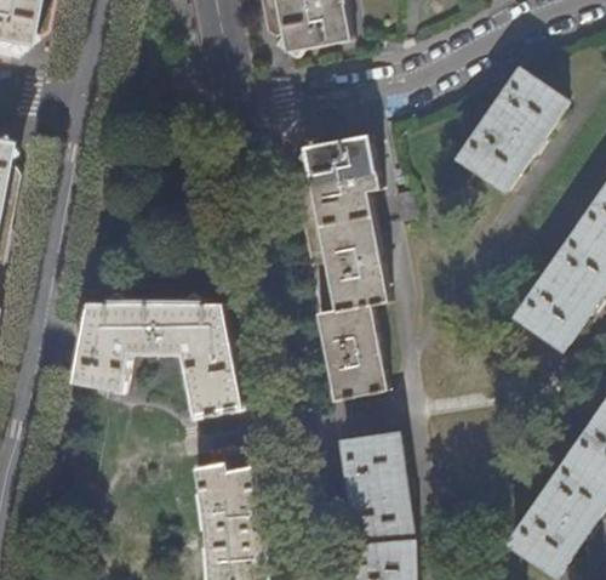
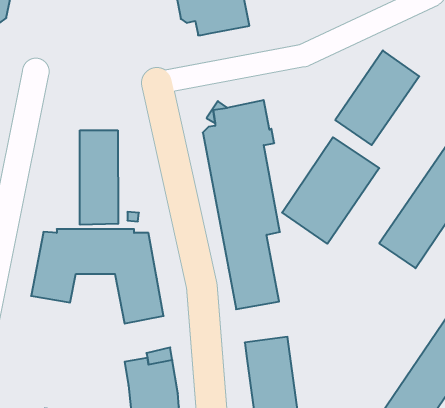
building: none -> [80,130,118,225]
building: none -> [282,137,379,244]

